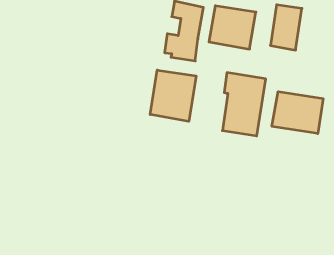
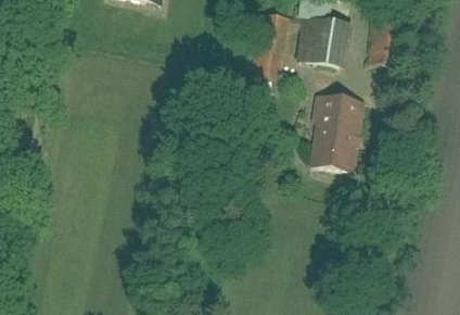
building: [150,70,196,121] -> none
building: [272,92,323,134] -> none

